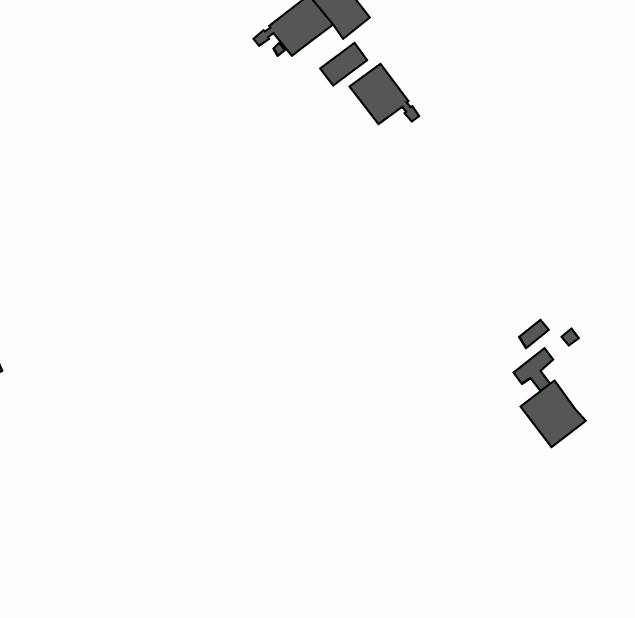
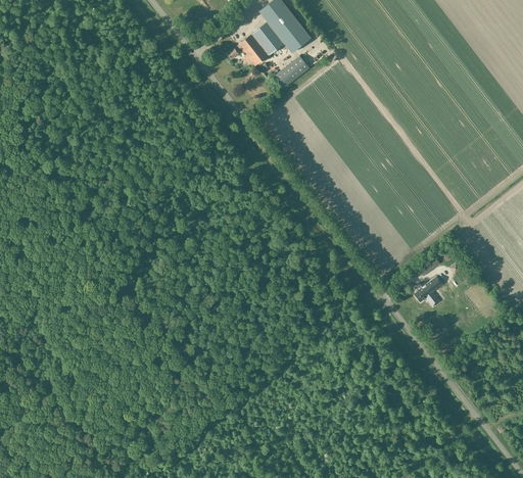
building: [349,64,419,124] -> none
building: [520,380,586,447] -> none

